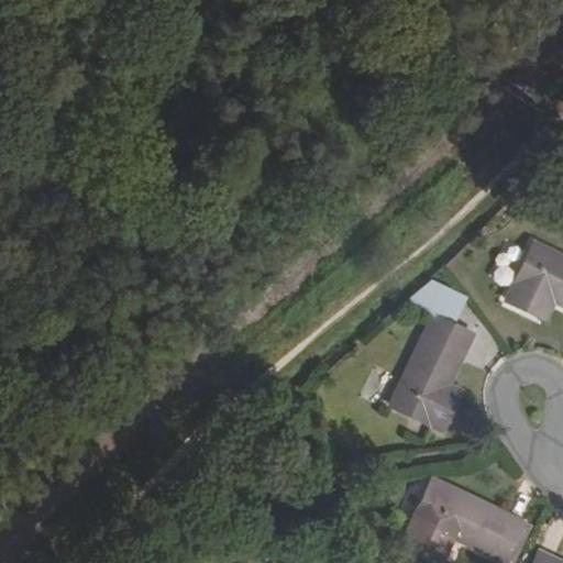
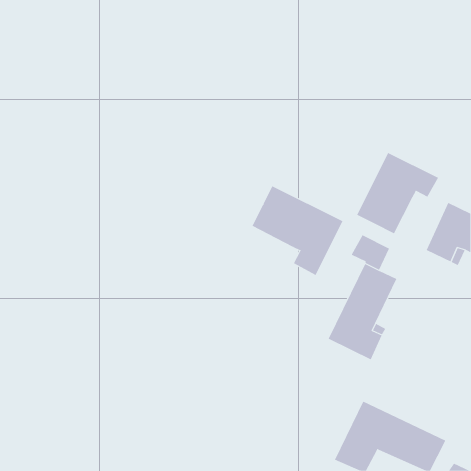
building: none -> [356,152,439,234]
building: none -> [252,185,343,276]

